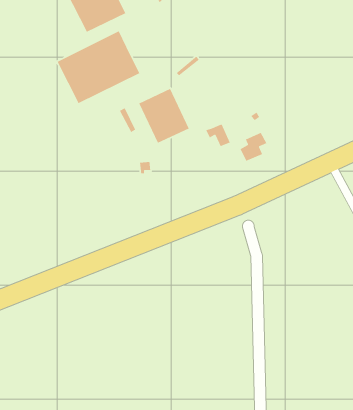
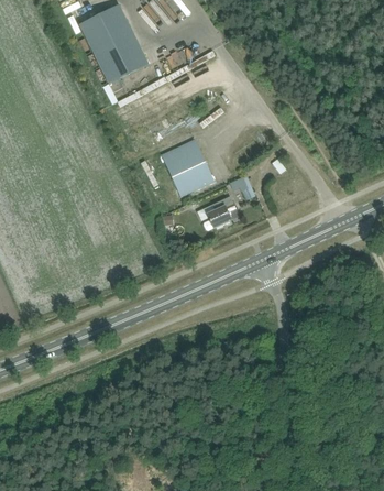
building: [56,30,140,104] -> none
building: [239,132,267,162] -> [207,196,235,227]

